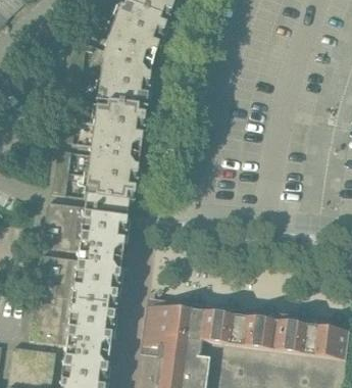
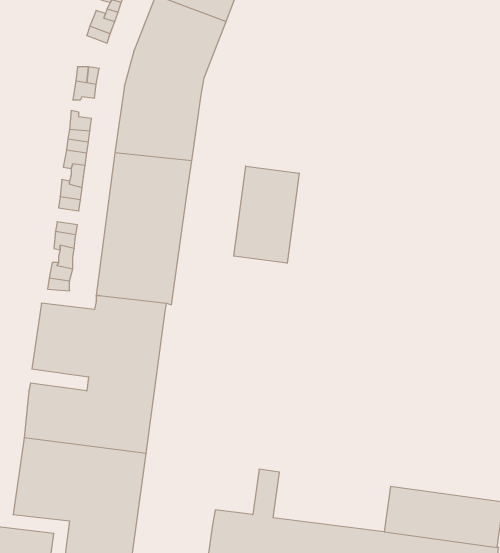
building: none -> [234,166,299,263]
building: [143,303,190,346] -> none
building: [199,310,275,349] -> none

